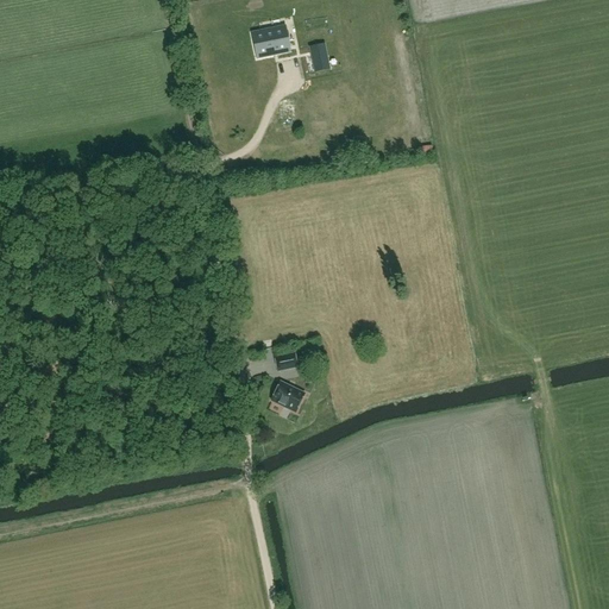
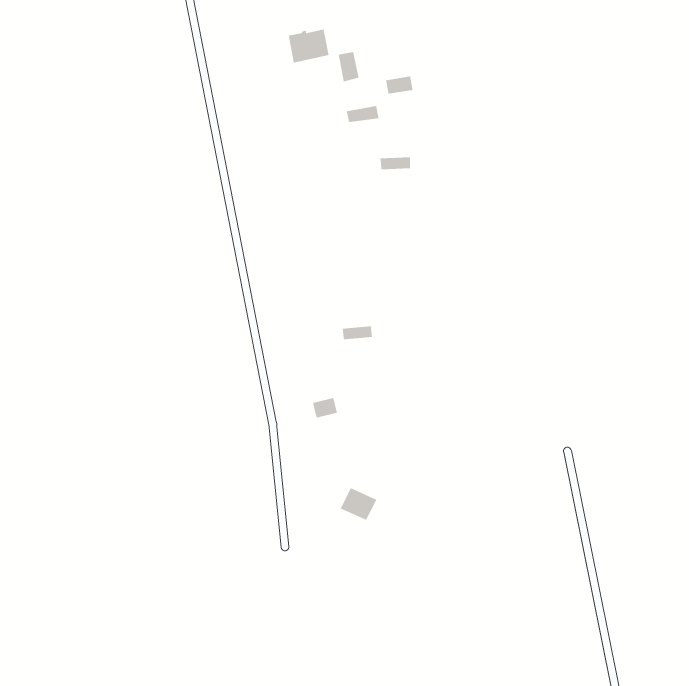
building: [272,379,306,409] -> [340,487,377,521]

